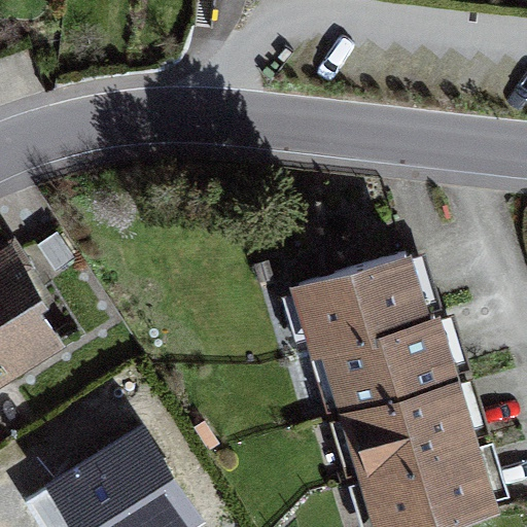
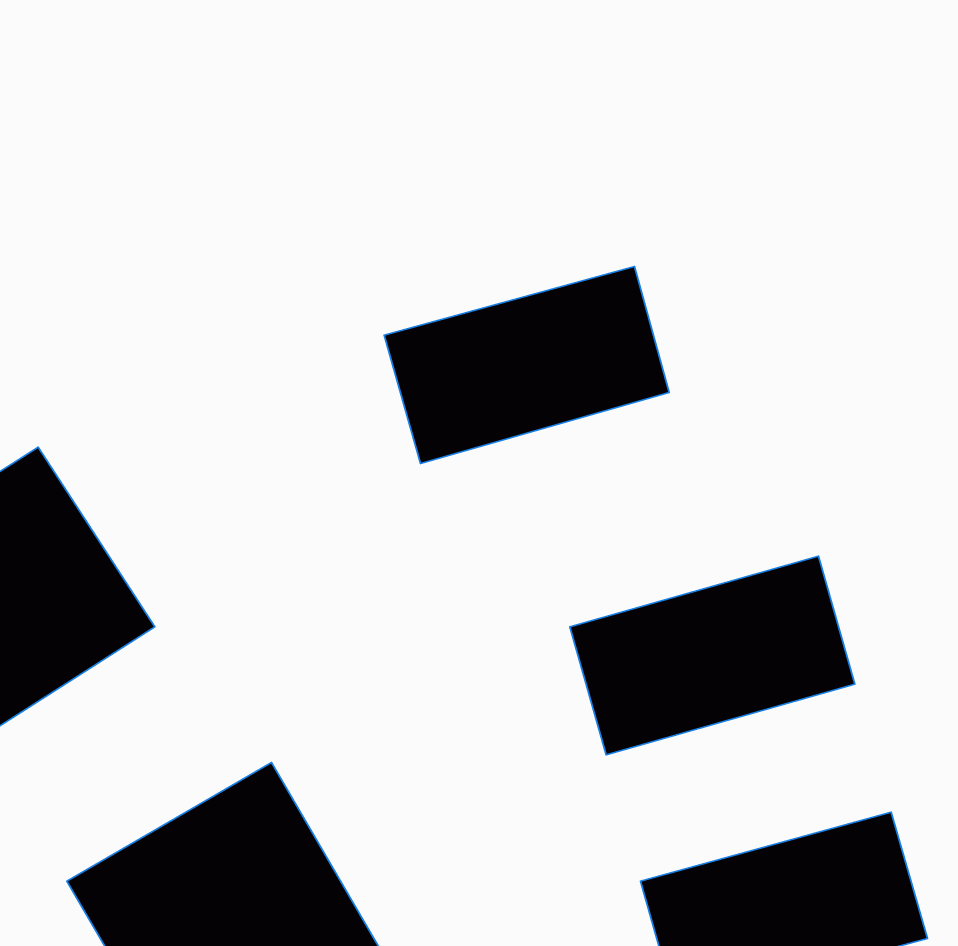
building: [287,248,441,354] -> [384,267,669,463]
building: [326,385,480,491] -> none

